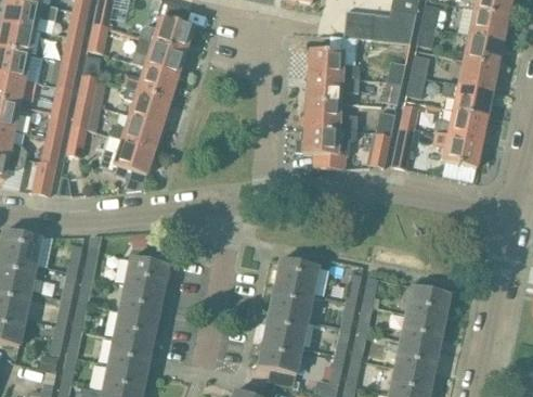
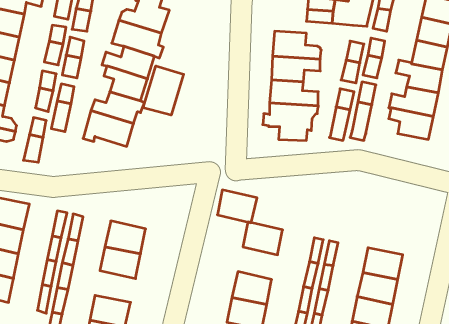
building: none -> [143,66,184,115]
building: [269,284,312,320] -> [217,190,257,223]
building: [113,310,157,345] -> none

